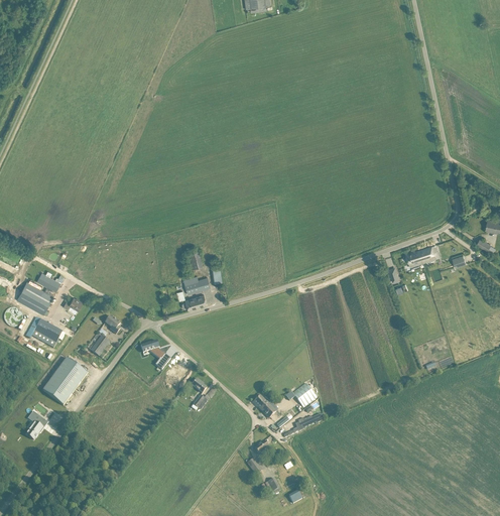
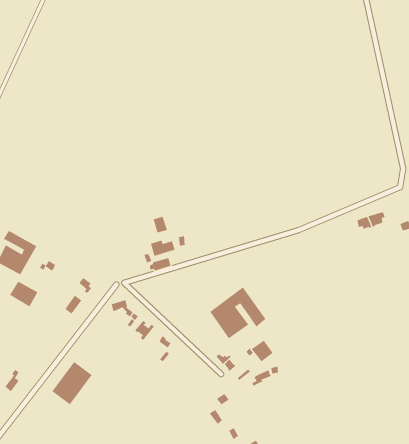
building: none -> [209,286,266,339]
building: [42,357,87,404] -> [51,361,93,405]

